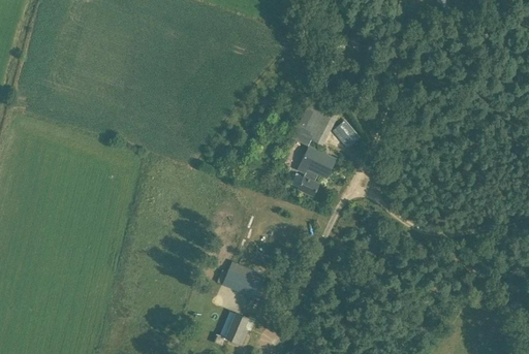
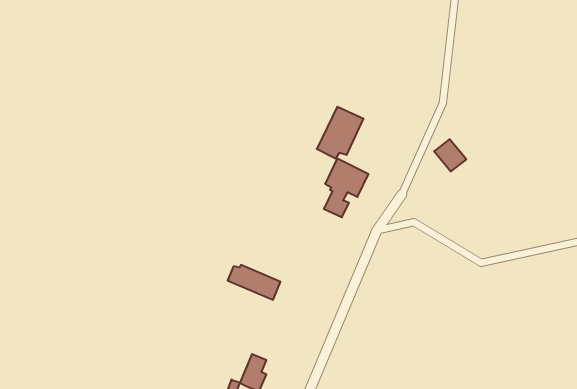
building: [333,120,361,148] -> [434,139,466,171]
building: [217,268,262,298] -> [228,265,280,300]

